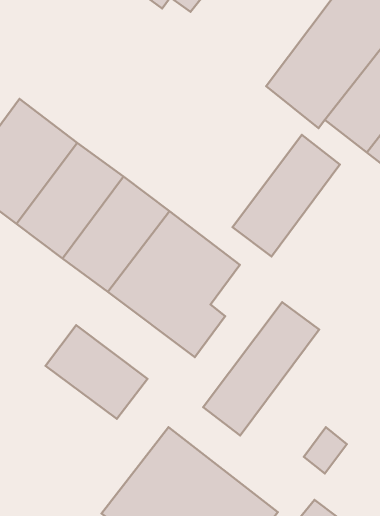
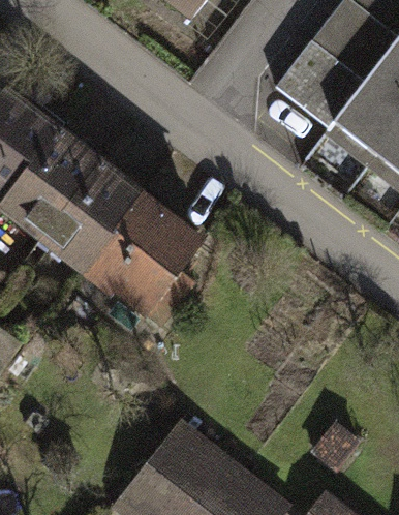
building: [232,135,340,256] -> none
building: [203,302,319,435] -> none
building: [46,325,147,419] -> none

